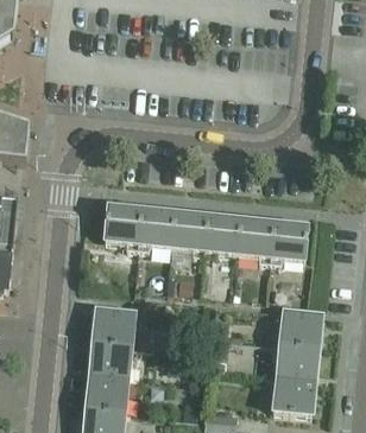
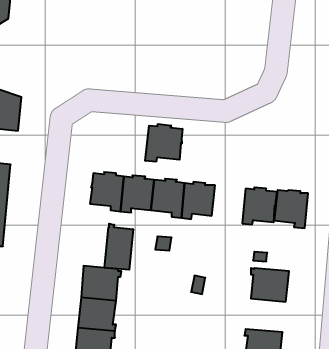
building: none -> [145,124,182,162]
building: [235,217,272,259] -> [274,190,308,228]
building: none -> [105,224,133,270]
building: [272,340,316,377] -> none

